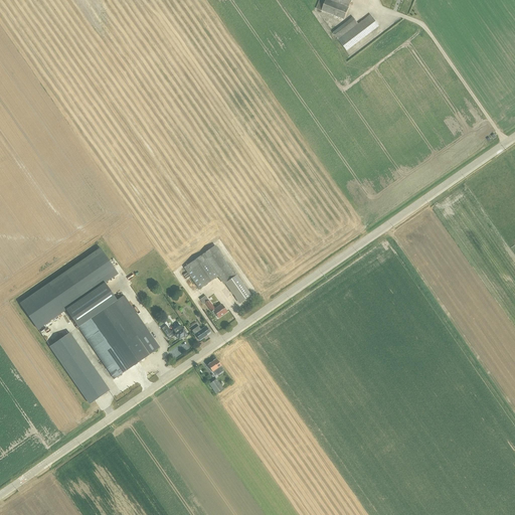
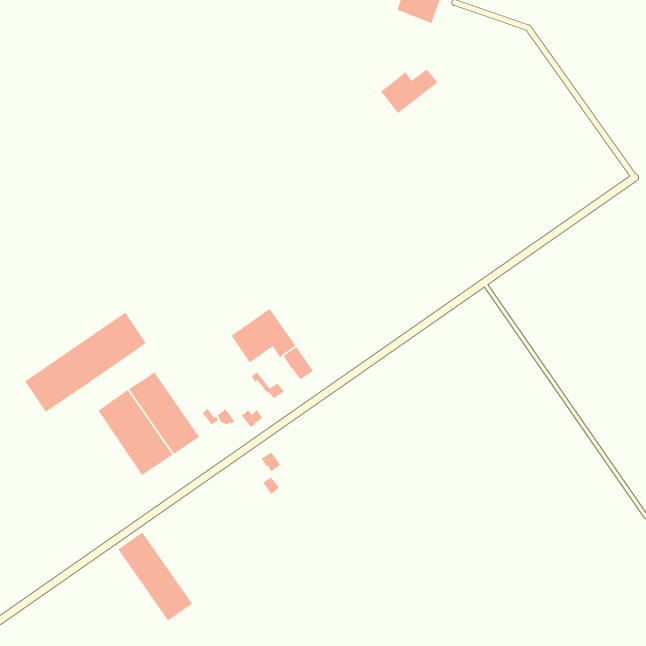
building: [332,14,378,50] -> [380,69,438,114]
building: [64,282,116,326] -> none
building: [48,332,109,403] -> [117,532,193,621]

